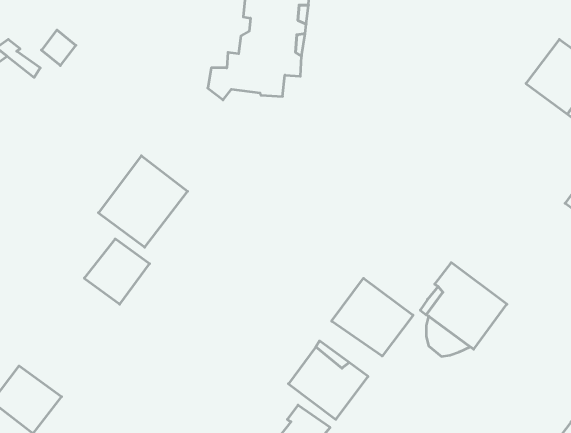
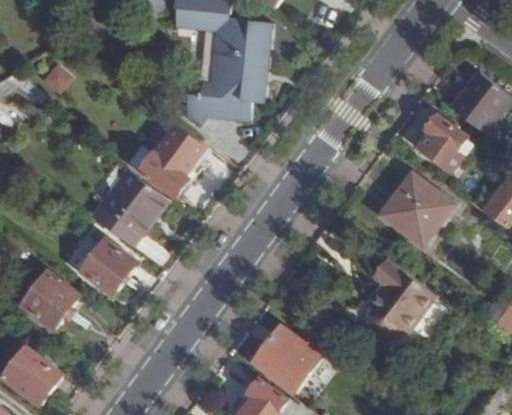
building: none -> [419,115,468,167]
building: none -> [131,124,205,196]
building: none -> [382,177,446,241]
building: none -> [24,273,80,328]
building: [332,278,413,356] -> none

